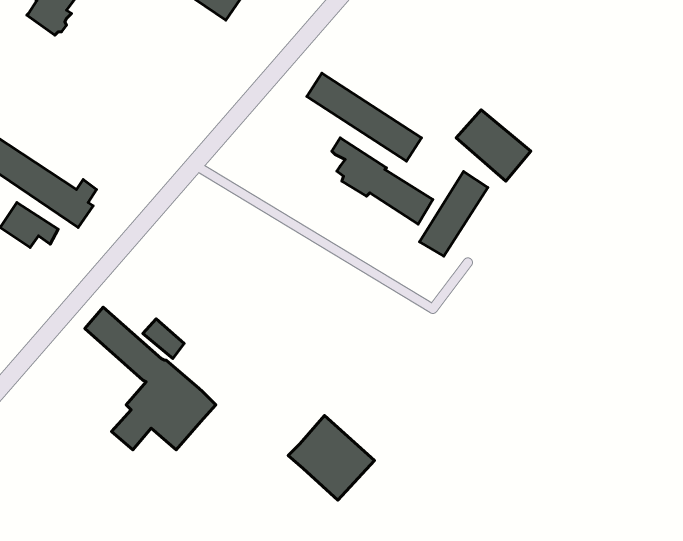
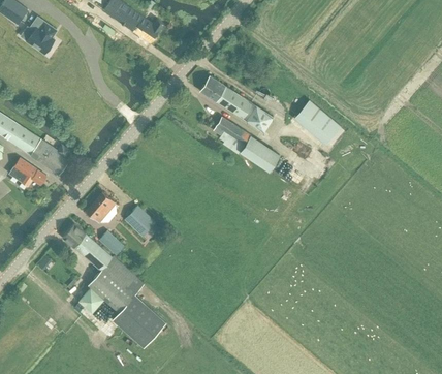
building: [419,172,488,256] -> none
building: none -> [86,191,116,222]
building: none -> [124,206,155,236]
building: [288,416,374,500] -> [112,294,165,347]

